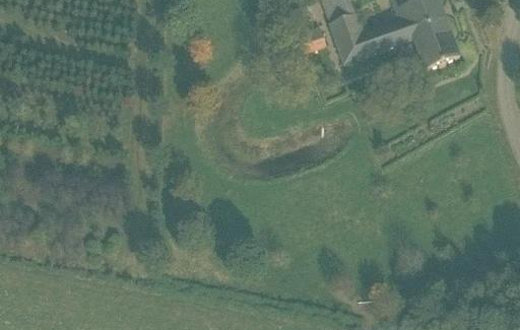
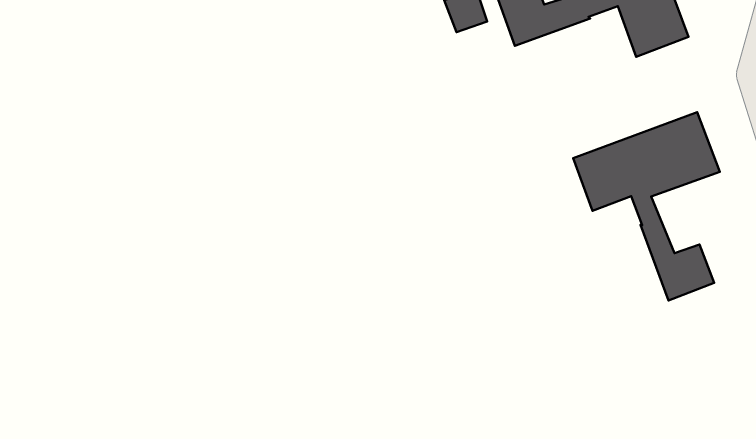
building: none -> [573,112,720,300]

